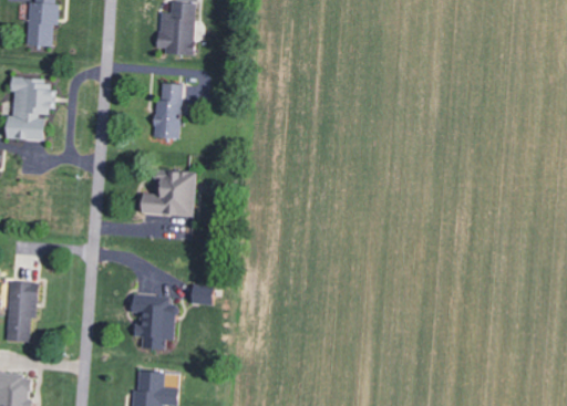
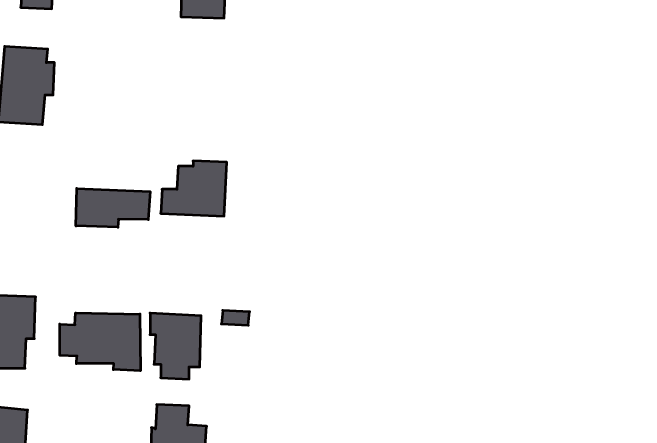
building: [153,83,182,138] -> none
building: none -> [76,188,150,227]
building: none -> [60,313,140,371]

